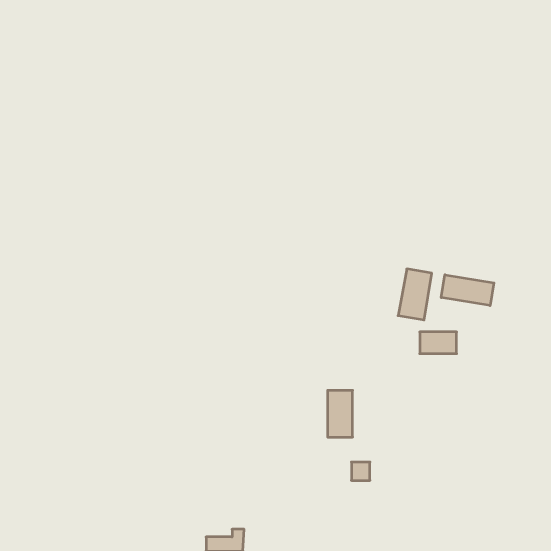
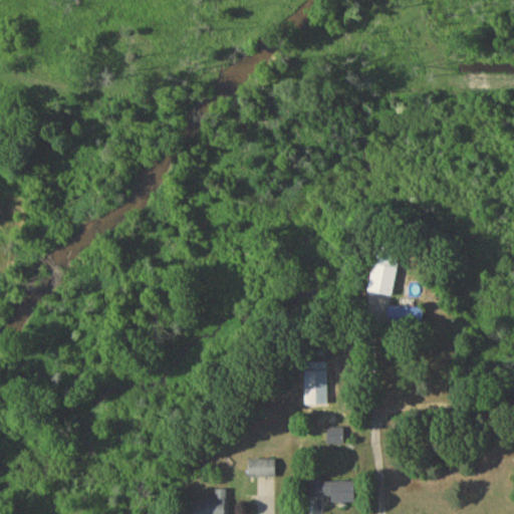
building: [441,275,494,306] -> none
building: none -> [247,460,275,478]
building: none -> [306,481,355,504]

